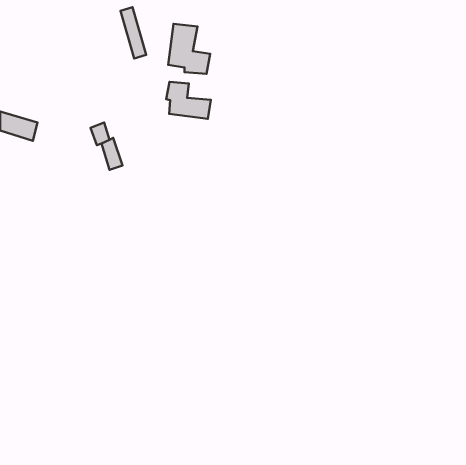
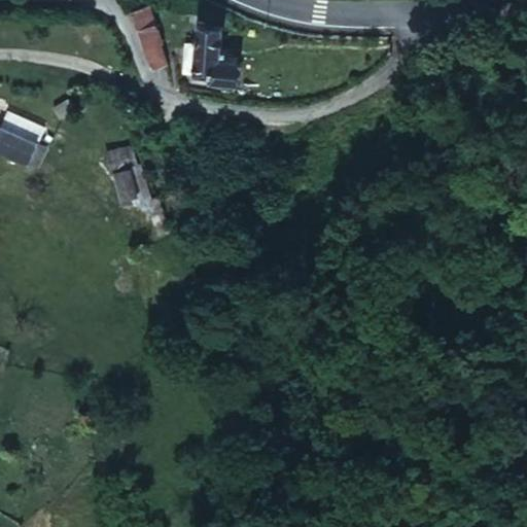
building: [166,82,211,119] -> none

